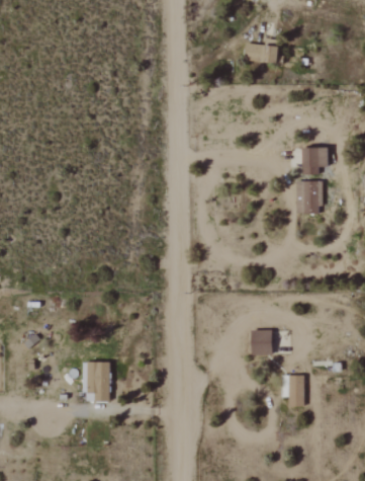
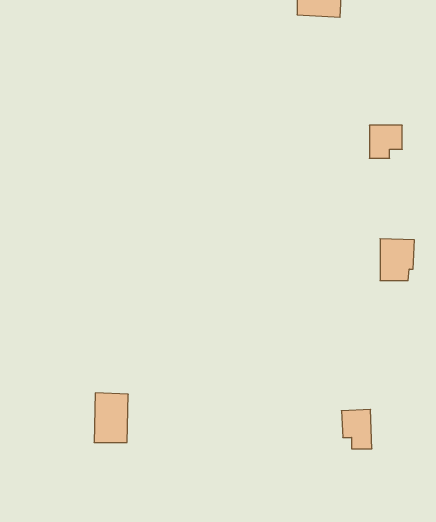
building: [296,179,324,213] -> [380,239,414,281]
building: [252,328,274,353] -> none

